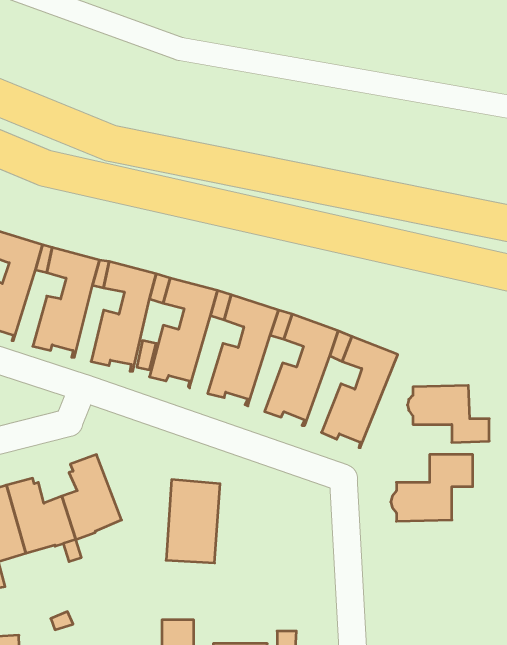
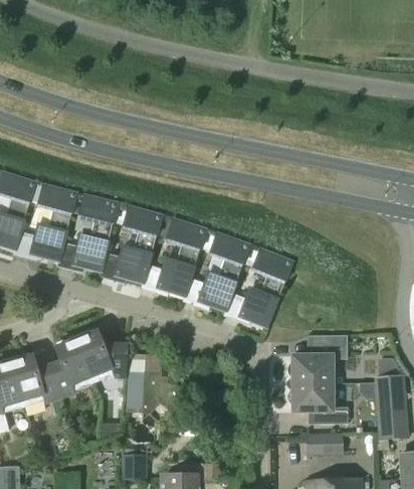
building: [407,385,489,442] -> [287,382,347,424]
building: none -> [74,327,126,382]
building: none -> [307,435,341,453]

